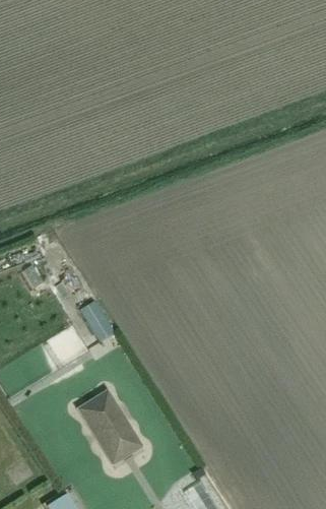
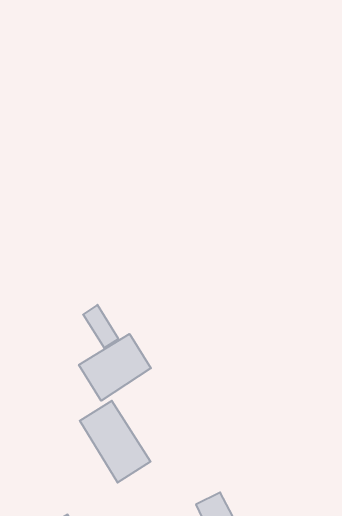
building: none -> [79,334,151,401]

